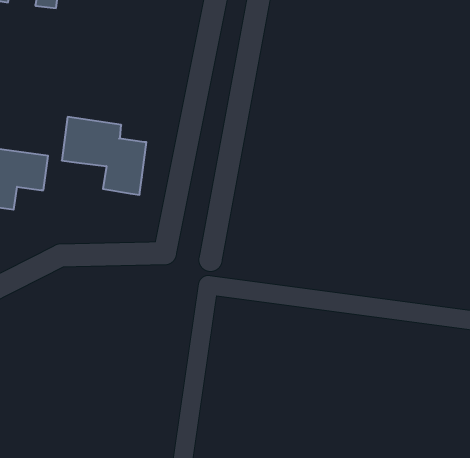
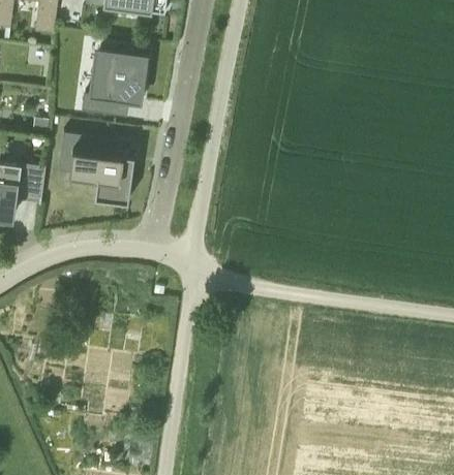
building: none -> [81,50,148,117]

